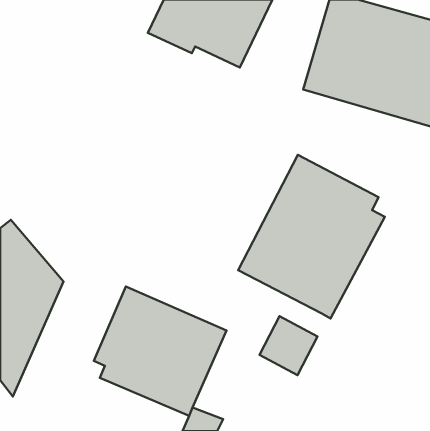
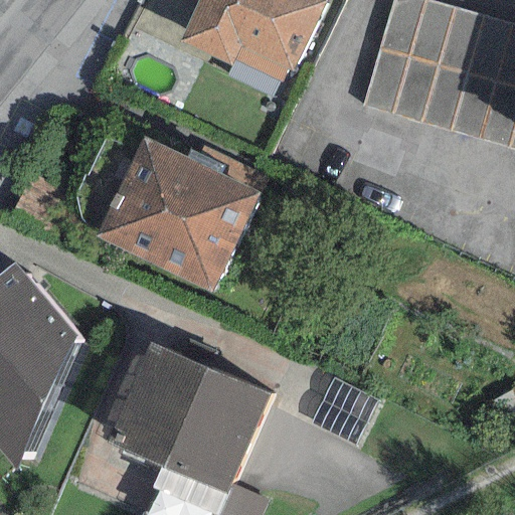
building: none -> [96,137,260,293]
building: [238,155,385,318] -> none

